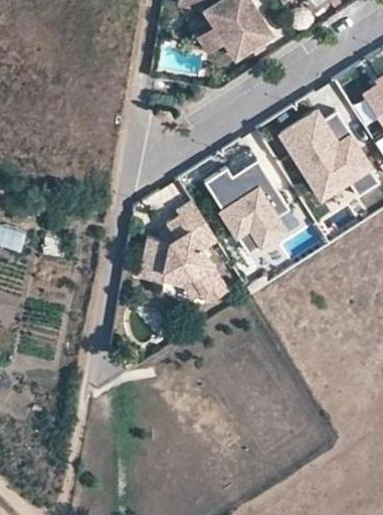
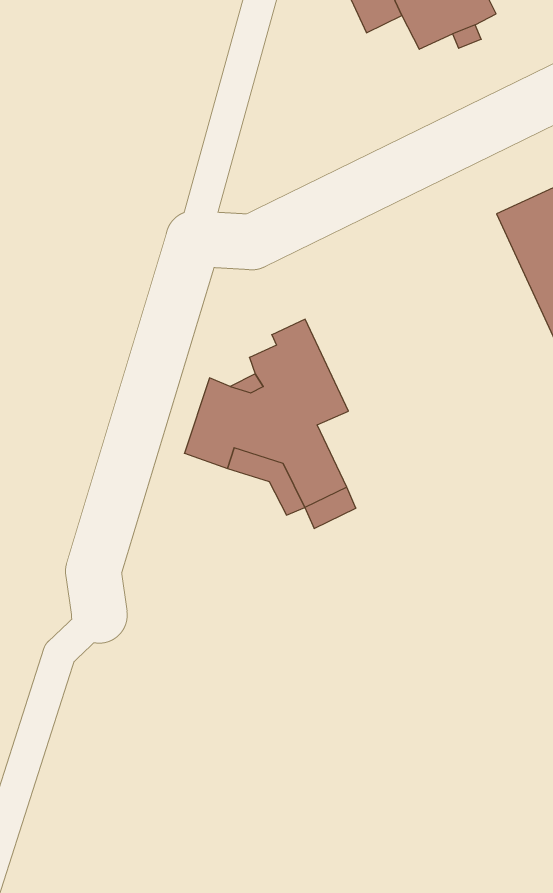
building: [206,164,286,258] -> none

